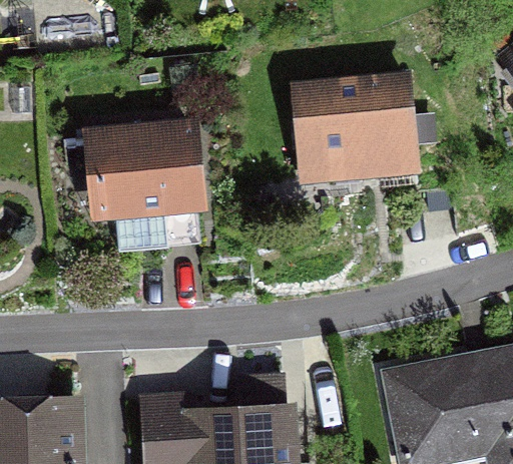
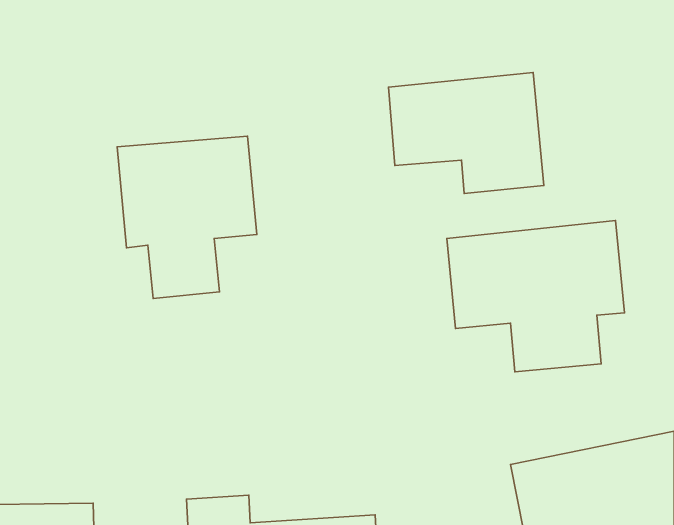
building: none -> [447,220,625,372]

